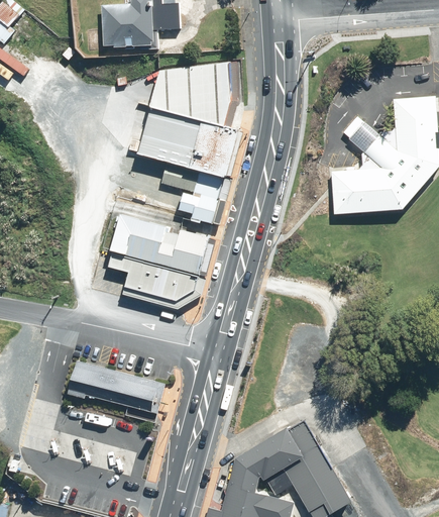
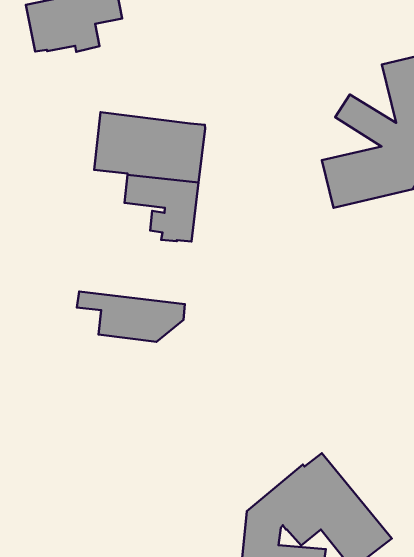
building: [151,65,231,126] -> none
building: [111,216,209,276] -> none
building: [68,359,164,413] -> none

